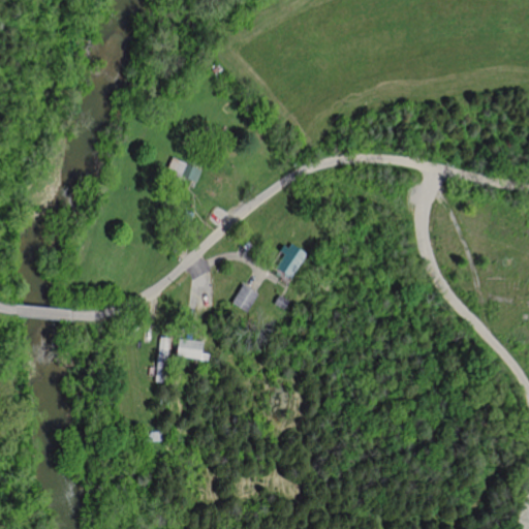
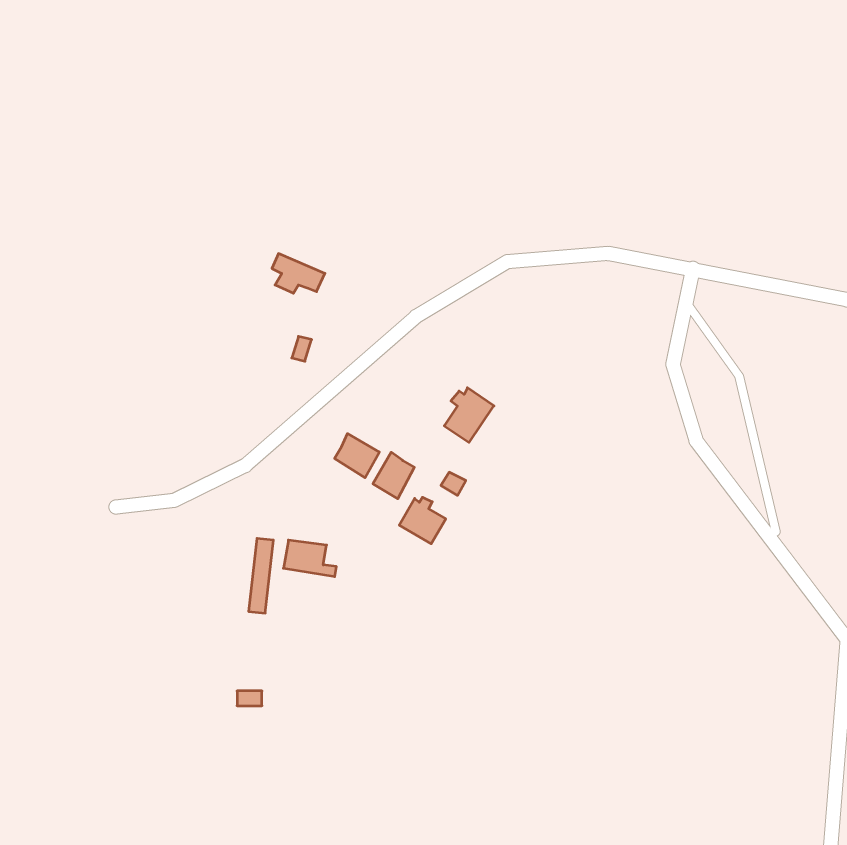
building: none -> [335,434,379,478]
building: none -> [399,497,446,544]

